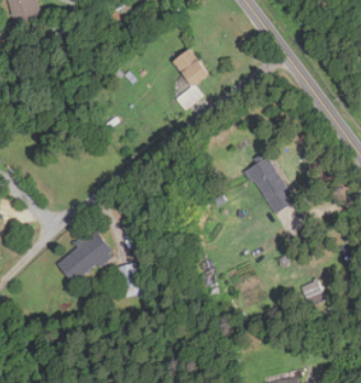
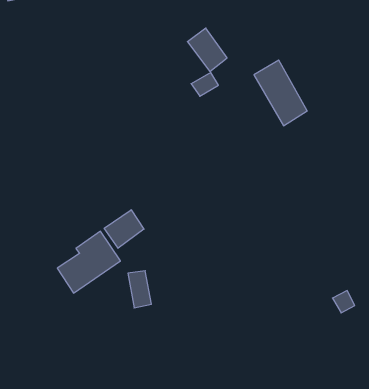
building: [247,155,294,214] -> [254,60,307,126]
building: none -> [104,210,144,248]

